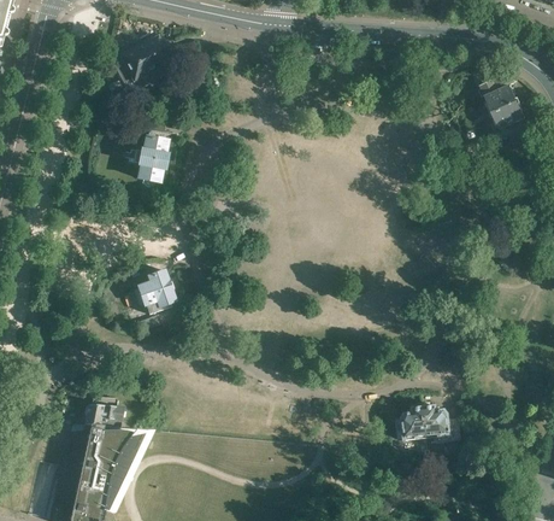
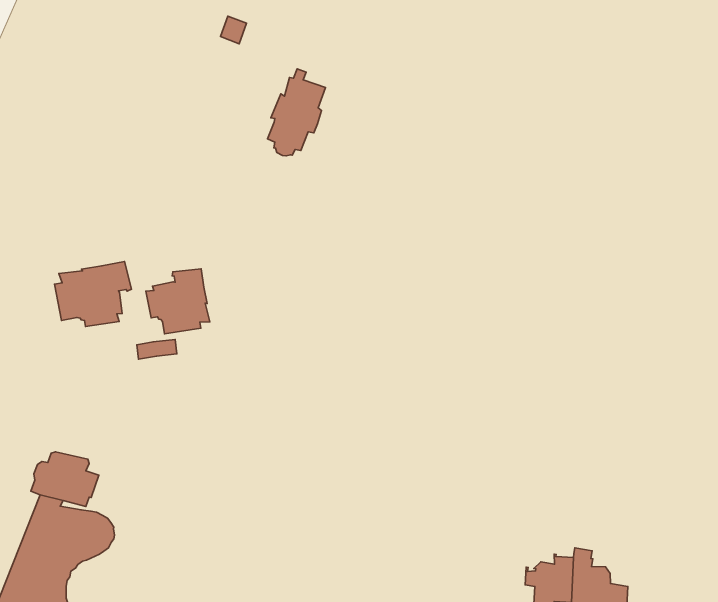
building: [138,131,169,186] -> [267,69,325,156]
building: none -> [55,262,131,327]

